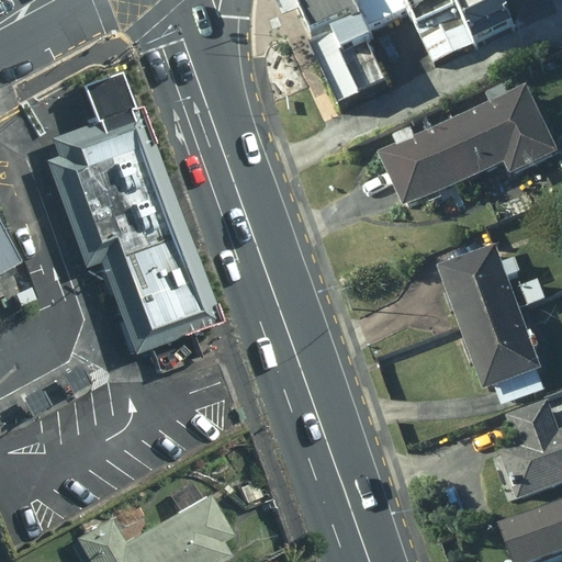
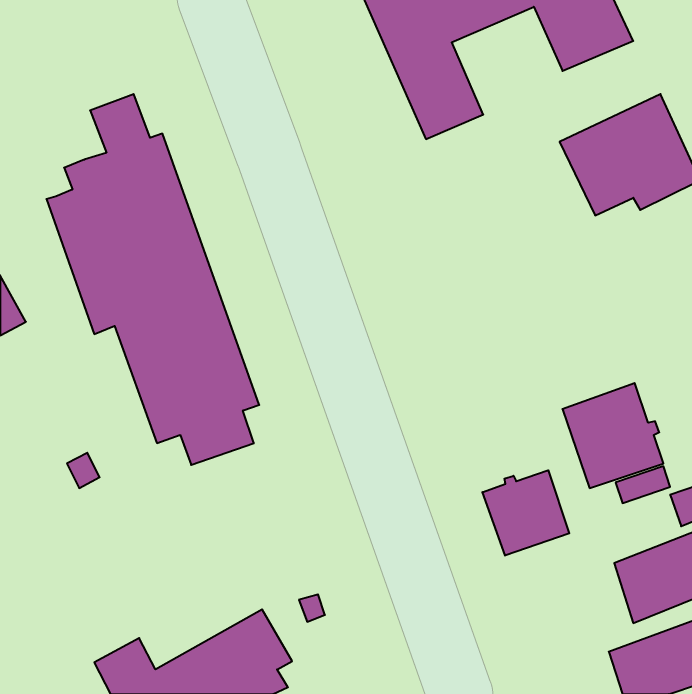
building: [385,114,483,206] -> none
building: [436,247,515,329] -> none
building: none -> [482,470,569,556]

